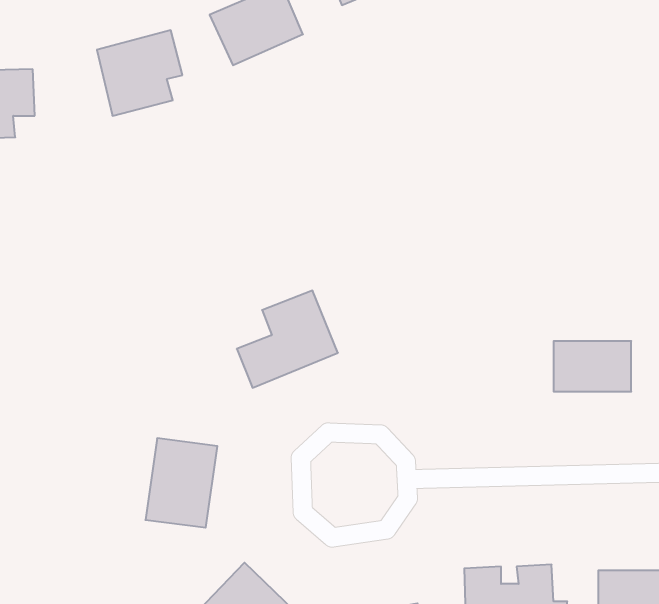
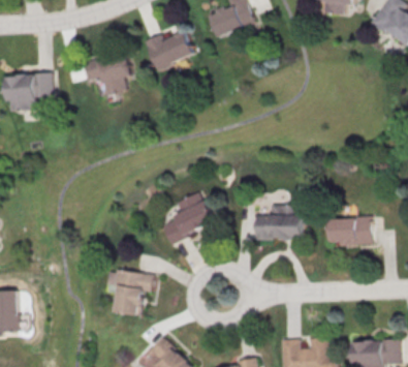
building: none -> [255,204,303,239]

